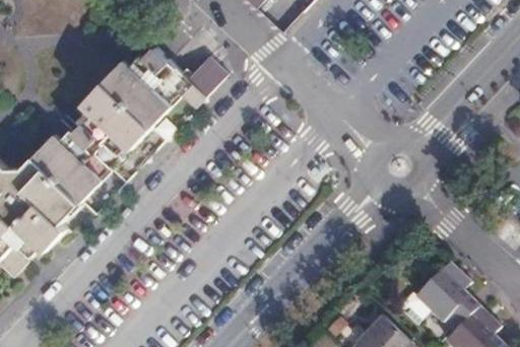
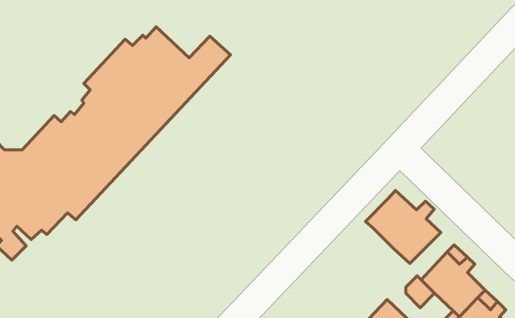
building: none -> [366,190,441,264]

